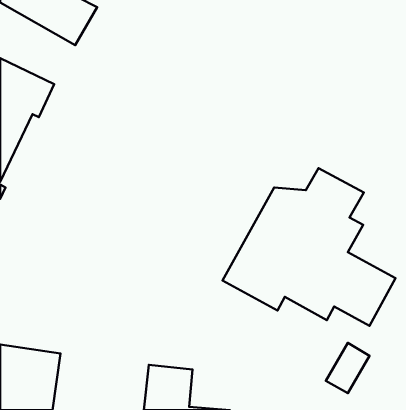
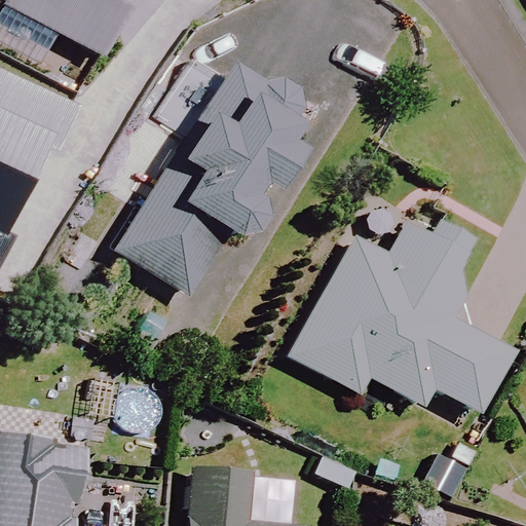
building: none -> [116,63,306,300]

